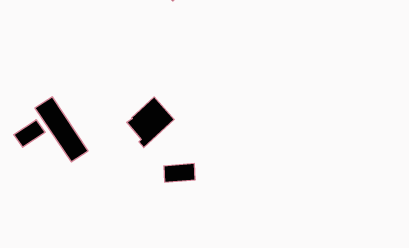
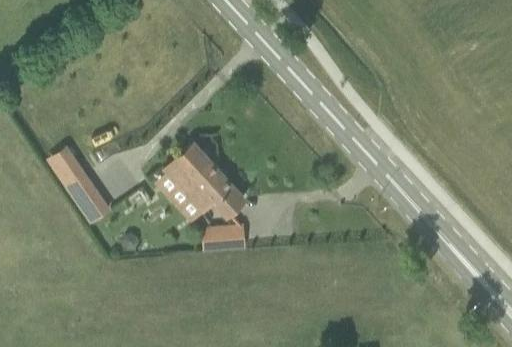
building: none -> [181,171,245,220]
building: [14,120,45,147] -> none

